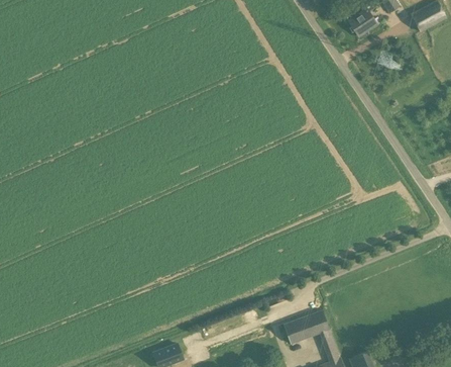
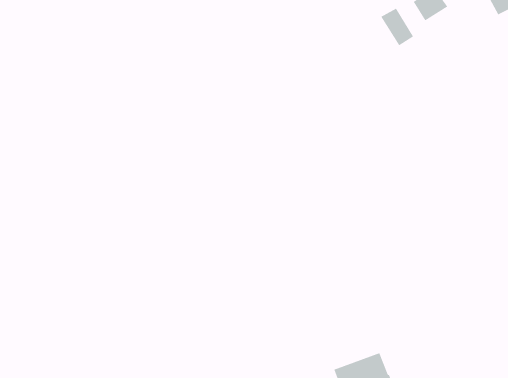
building: none -> [380,8,414,46]

